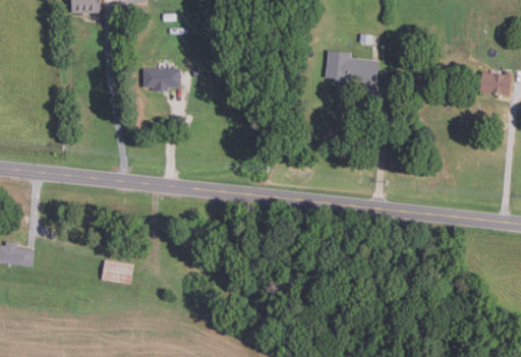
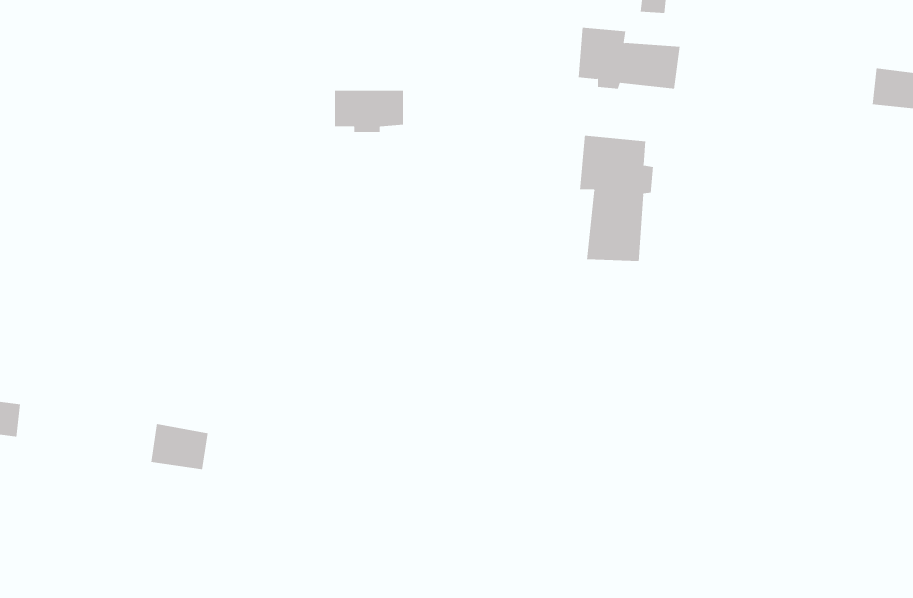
building: [142,68,179,91] -> [334,90,404,133]
building: none -> [580,135,653,262]

